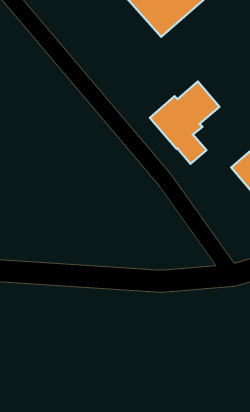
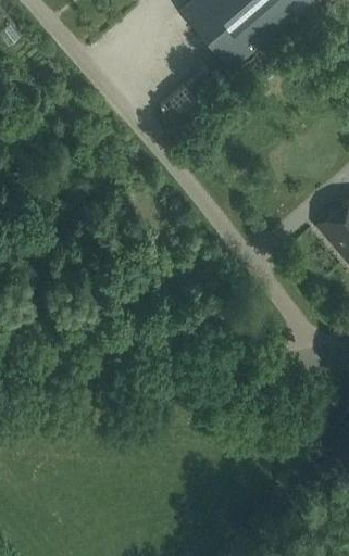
building: [150,82,219,164] -> none

